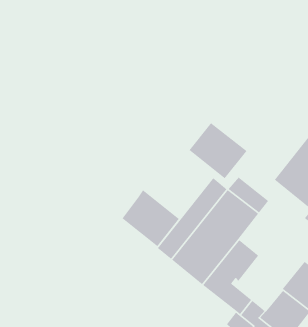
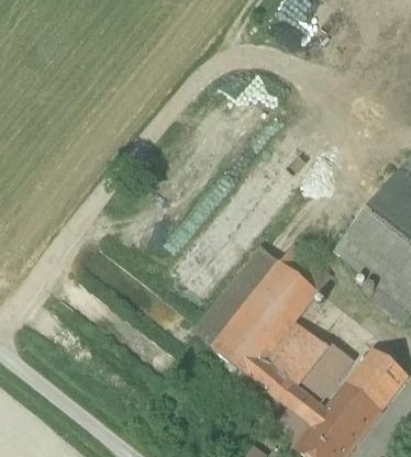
building: [188,122,247,180] -> none
building: [122,189,180,247] -> none
building: none -> [285,335,354,403]

